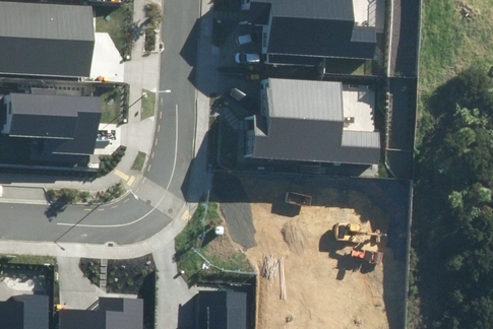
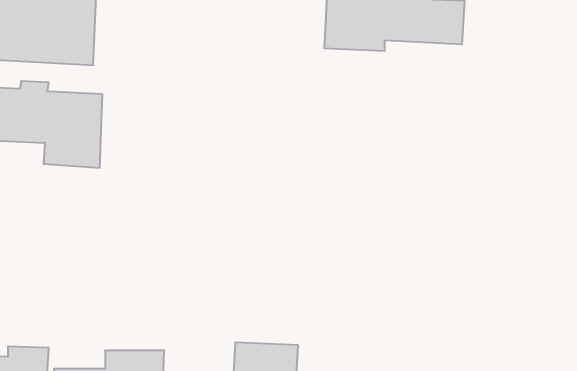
building: [248,79,381,165] -> none

